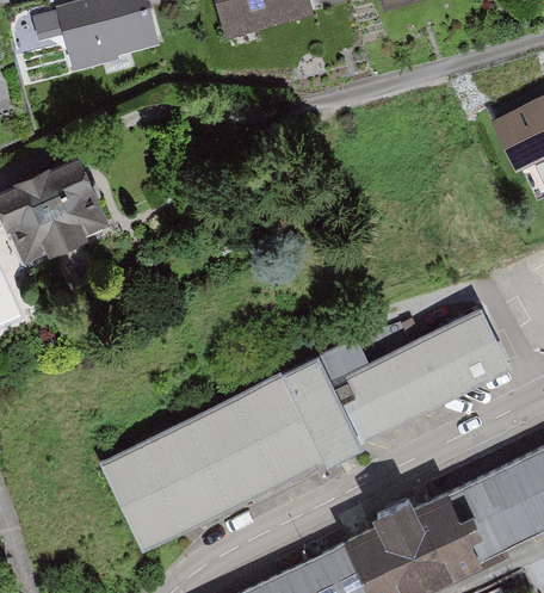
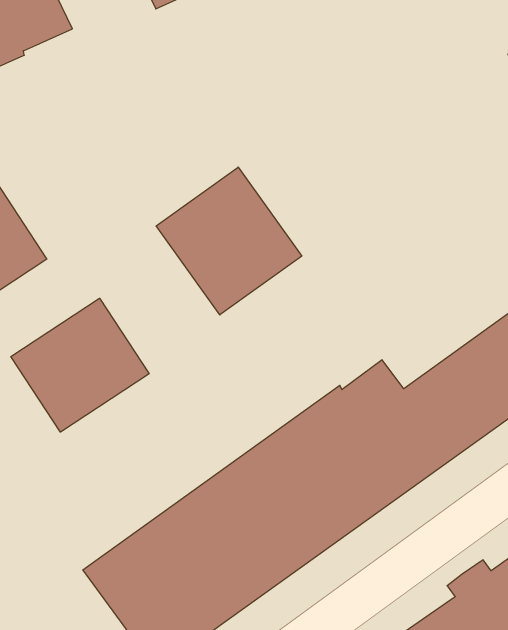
building: none -> [156,167,302,315]
building: none -> [11,298,149,432]

